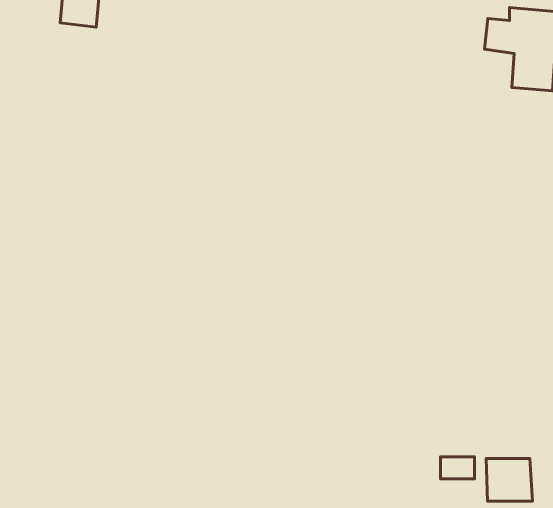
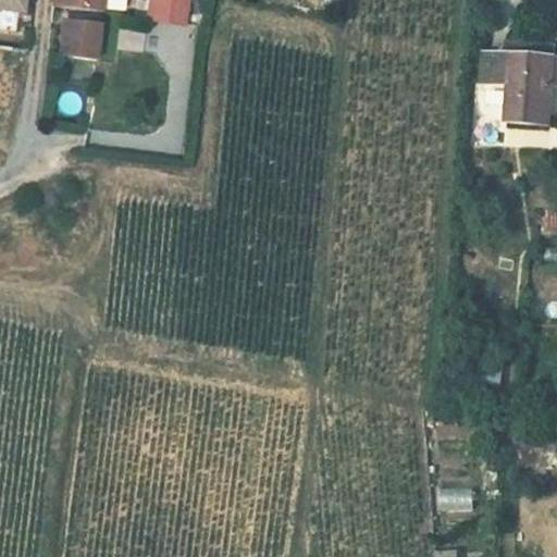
building: [486,458,533,501] -> none

